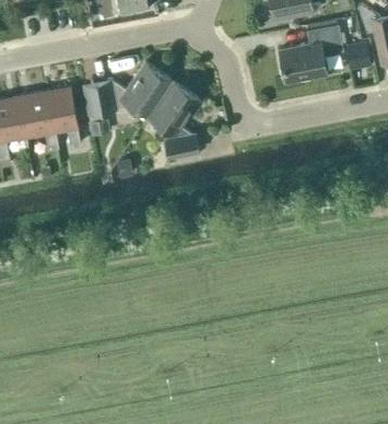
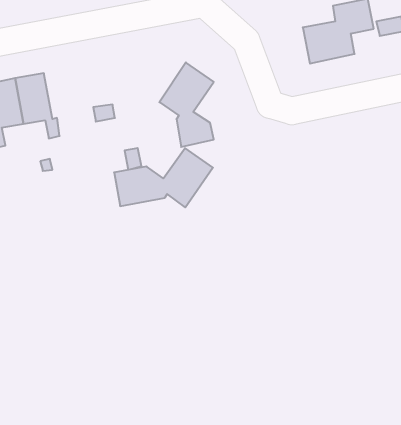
building: [81,62,171,116] -> [114,148,213,207]
building: [44,86,80,145] -> none

